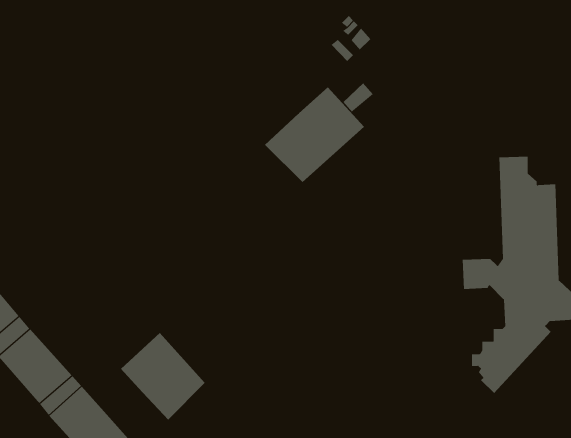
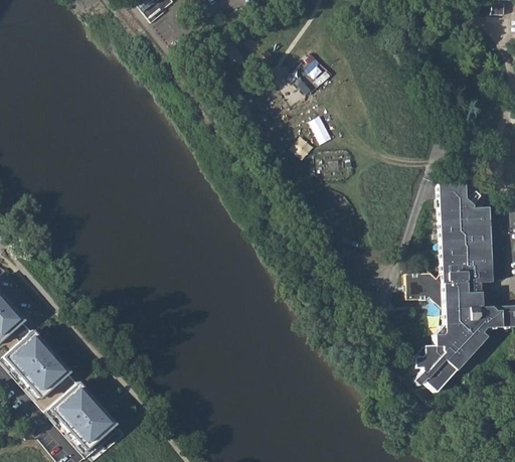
building: [264,87,365,183] -> none
building: [120,332,206,421] -> none

